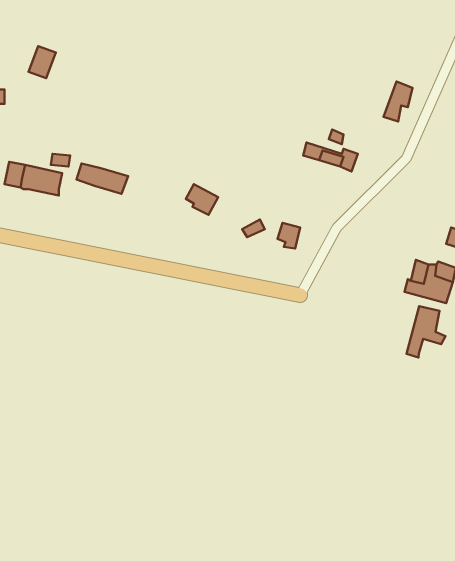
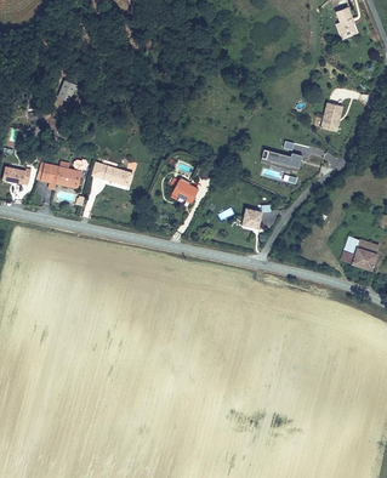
building: [406,306,445,357] -> none

